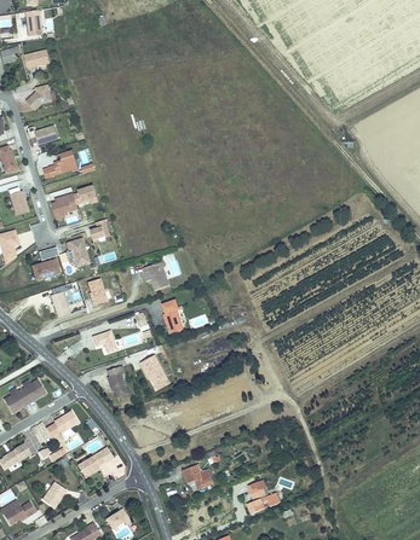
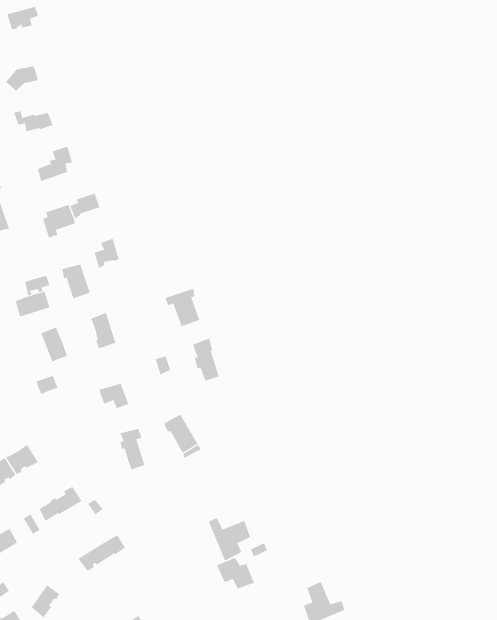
building: none -> [208,517,251,561]

